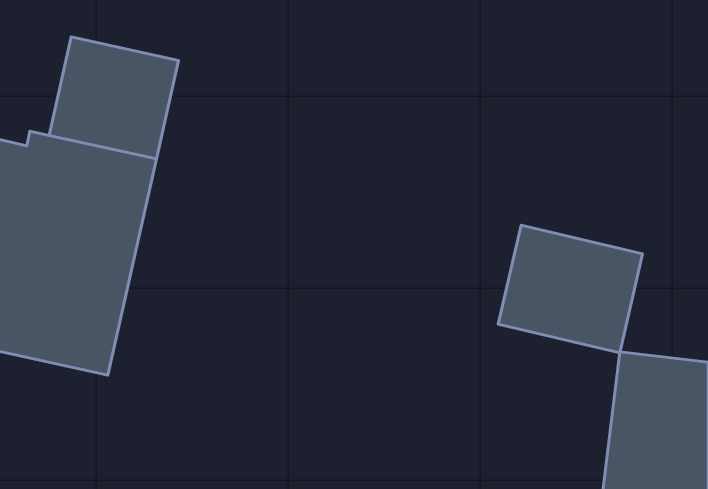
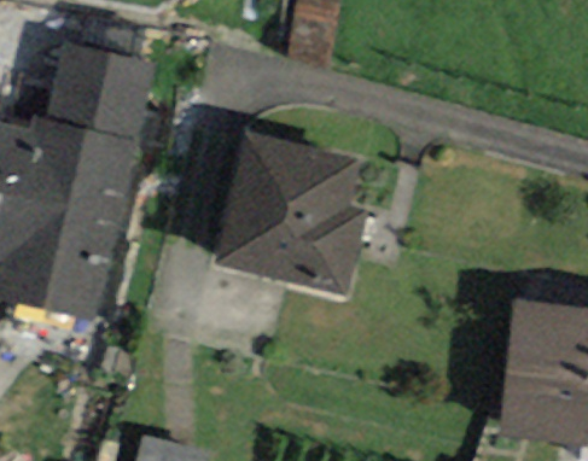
building: none -> [213,130,366,296]
building: [498,225,643,353] -> none

